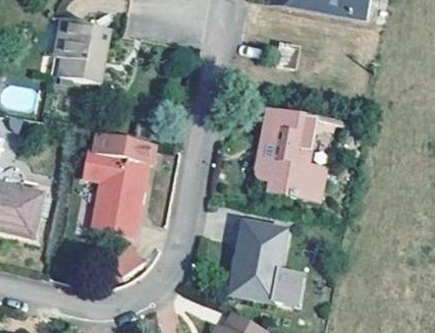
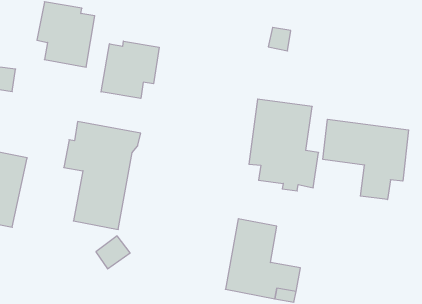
building: none -> [101,41,159,98]
building: none -> [323,119,409,200]

